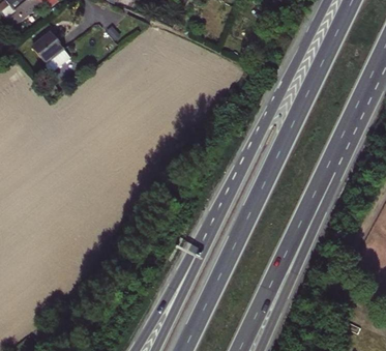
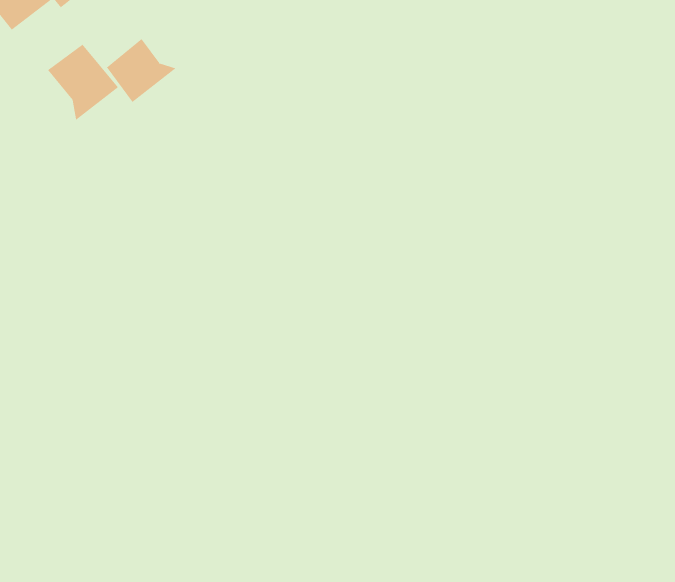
building: none -> [106,38,177,103]

